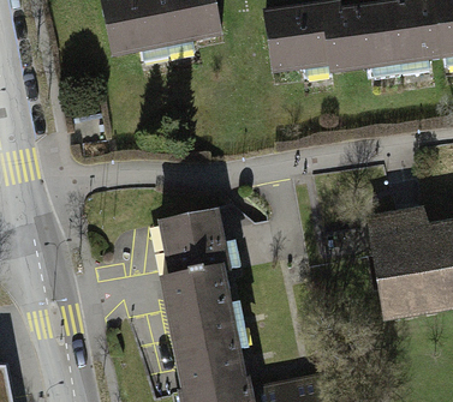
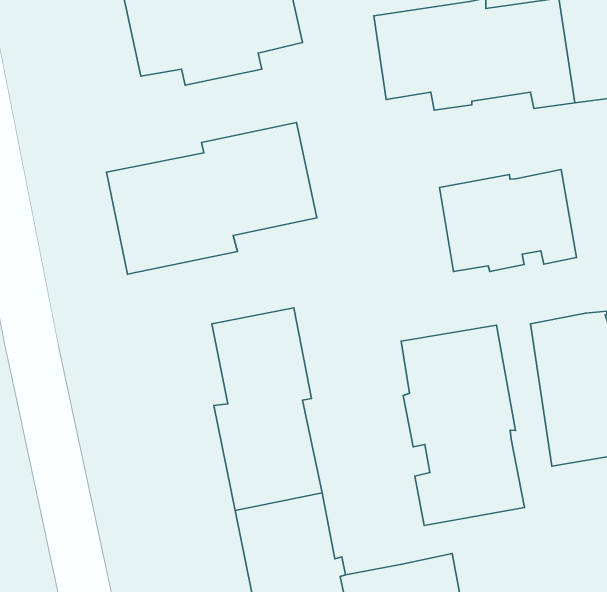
building: none -> [106,122,317,274]
building: none -> [439,169,577,271]
building: none -> [401,325,524,525]

